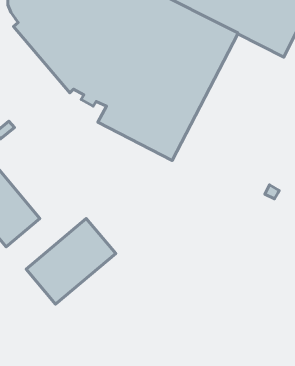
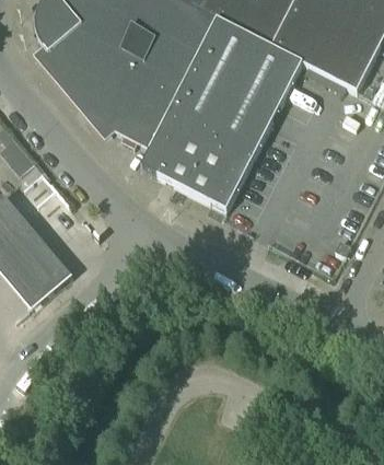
building: [26,218,116,304] -> none

